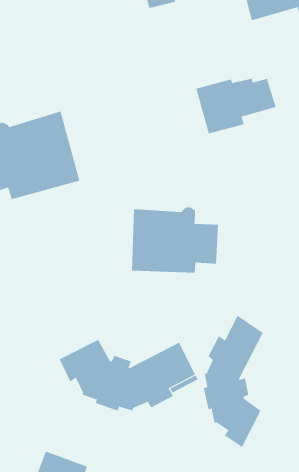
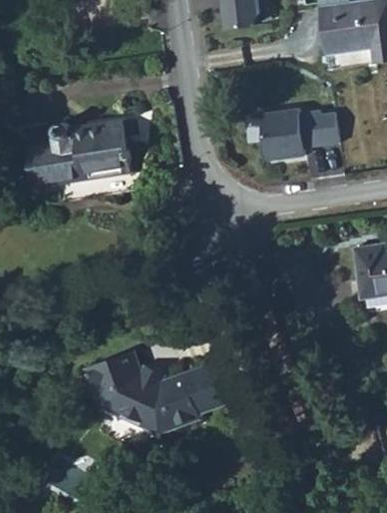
building: [131,206,218,273] -> none
building: [203,315,264,448] -> none

